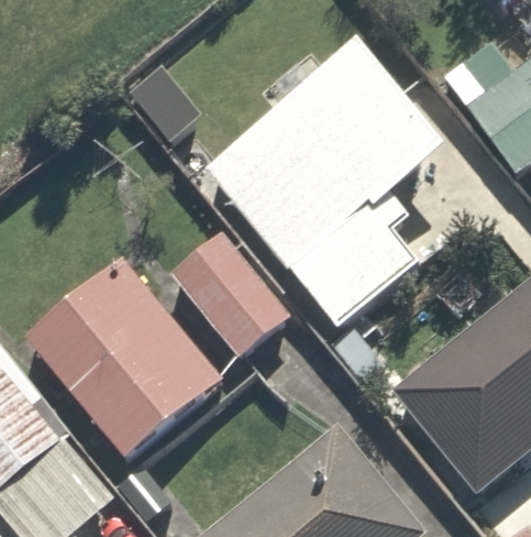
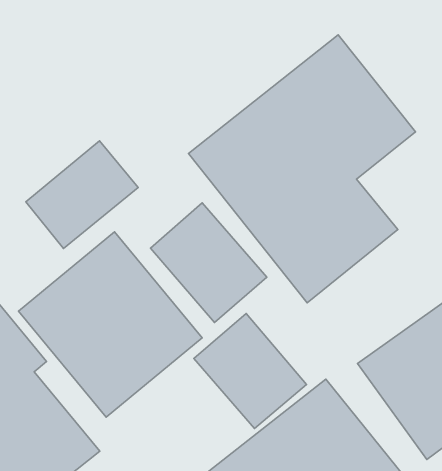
building: none -> [26,141,138,249]
building: none -> [194,313,307,429]

